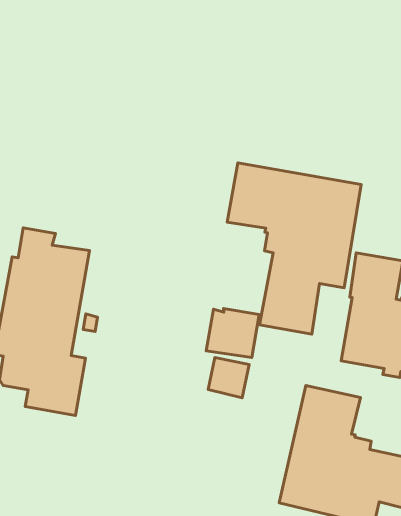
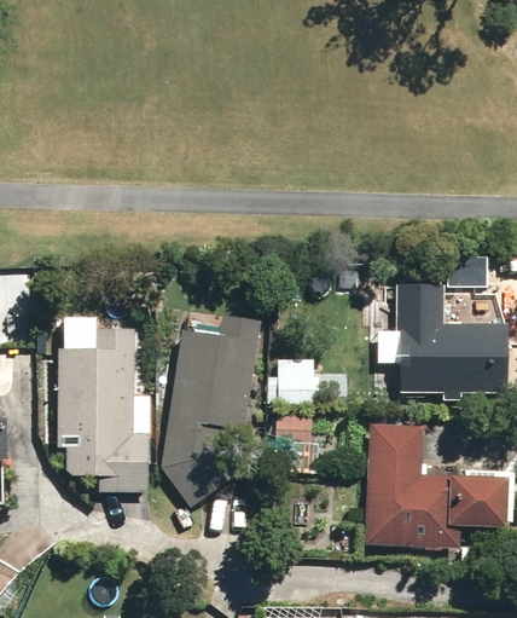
building: [227,163,361,334] -> none
building: none -> [161,313,261,506]

